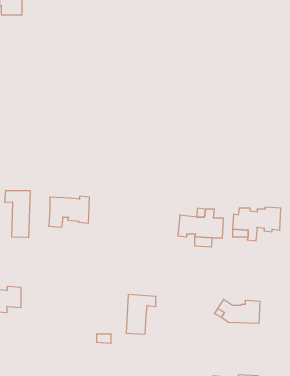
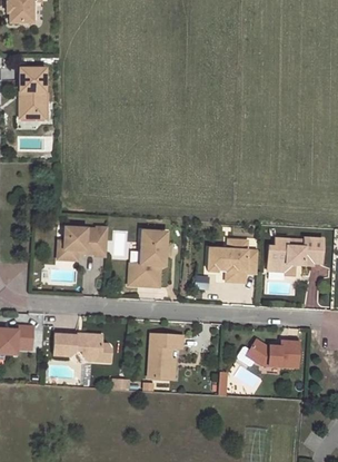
building: none -> [20,68,44,119]
building: [5,190,30,238] -> none
building: none -> [128,229,166,286]
building: none -> [54,334,112,362]

